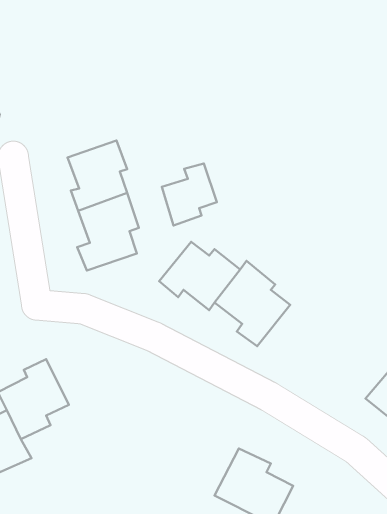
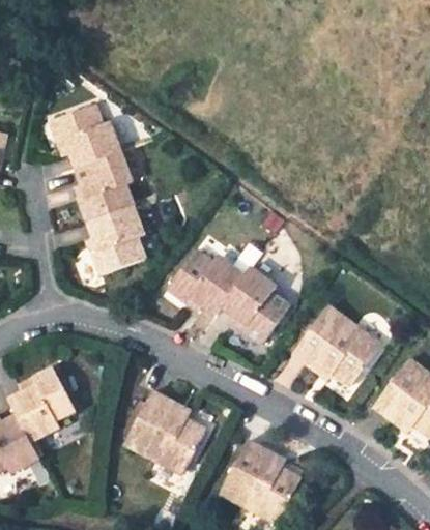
building: none -> [52,100,125,168]
building: [162,164,217,225] -> none
building: none -> [294,306,376,381]
building: none -> [126,402,205,478]

